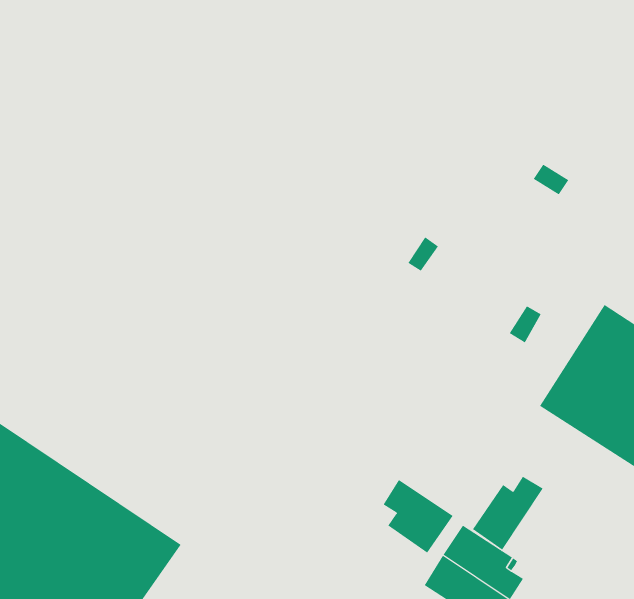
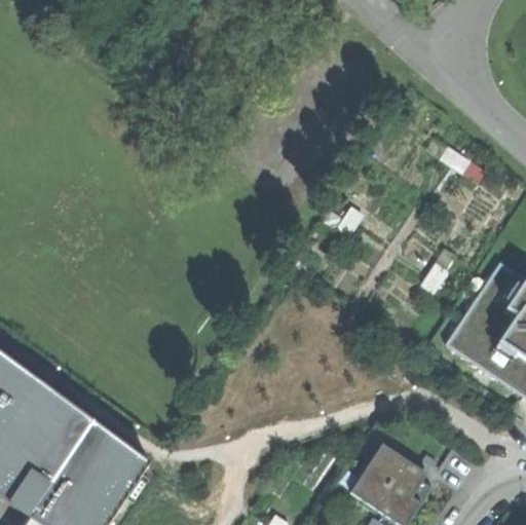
building: [472,476,544,551] -> none
building: [383,479,453,553] -> none

